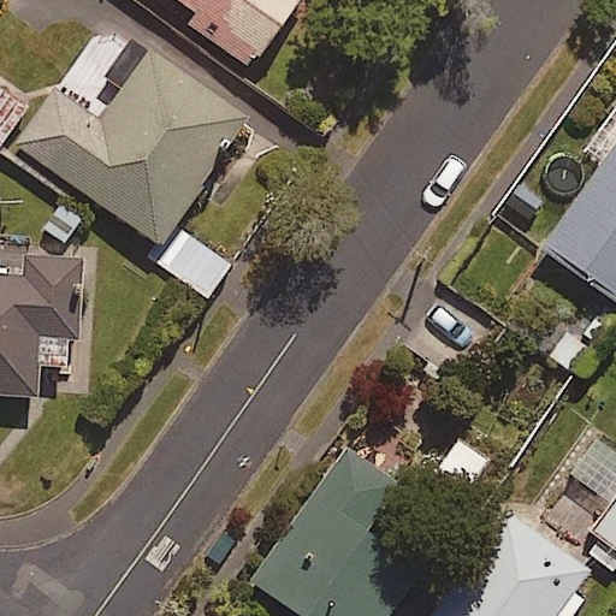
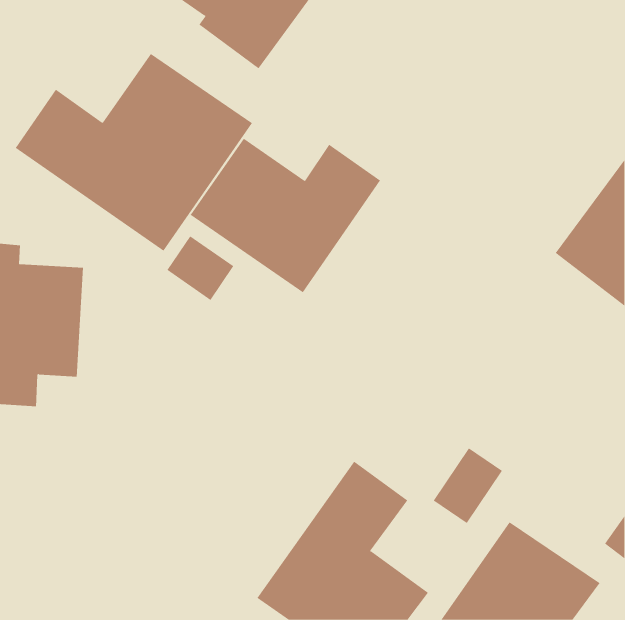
building: none -> [190,138,381,293]

